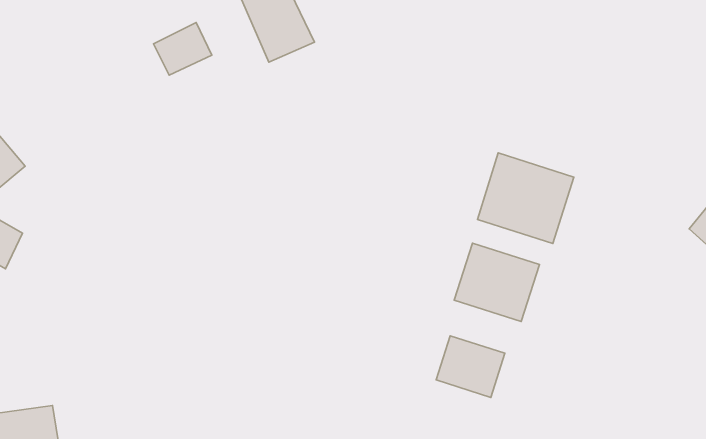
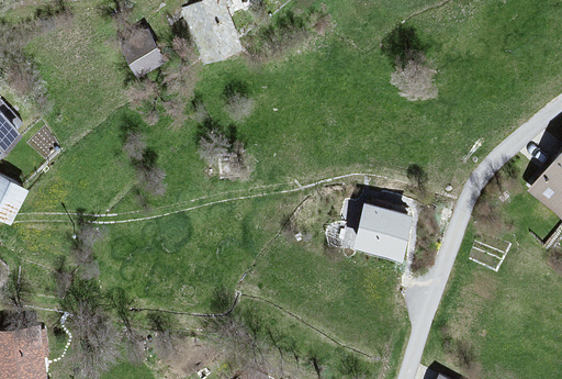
building: [477,153,574,244] -> none
building: [436,336,505,397] -> none

